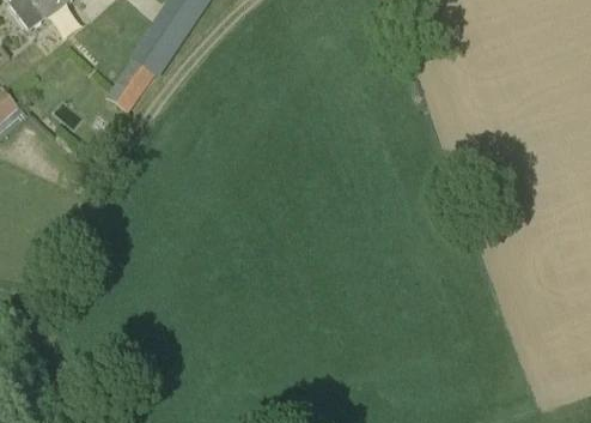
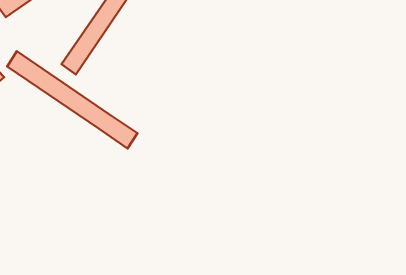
building: none -> [7,51,137,149]

